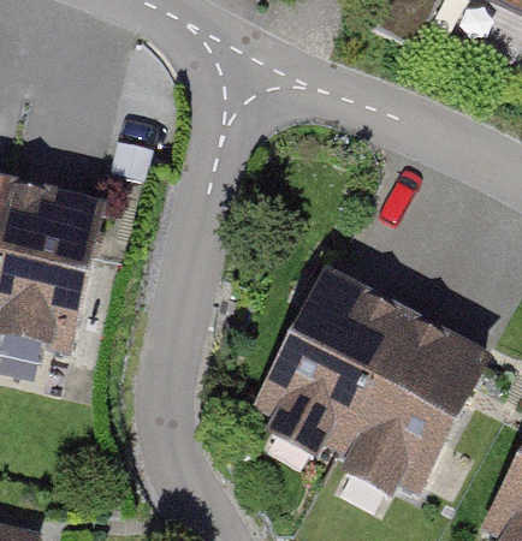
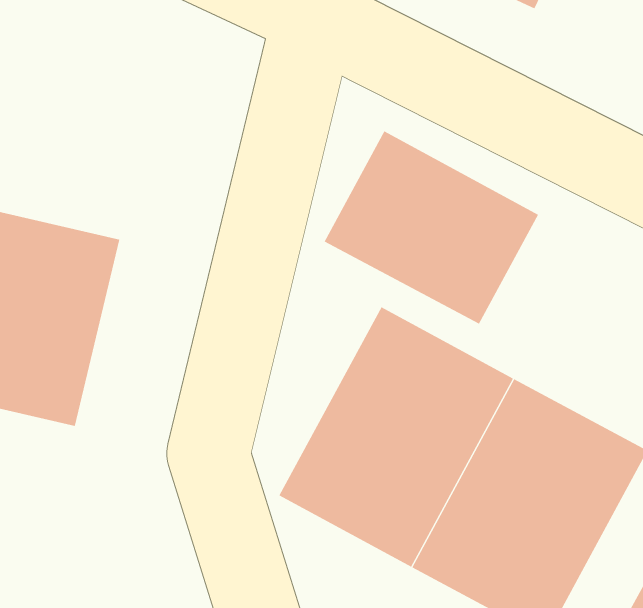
building: none -> [324,131,539,325]

